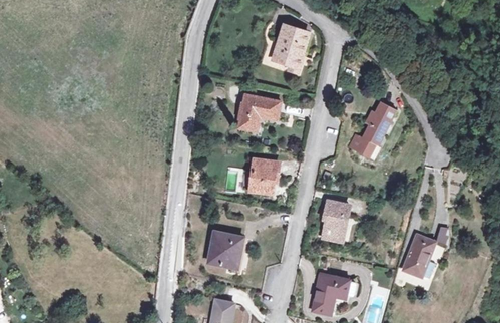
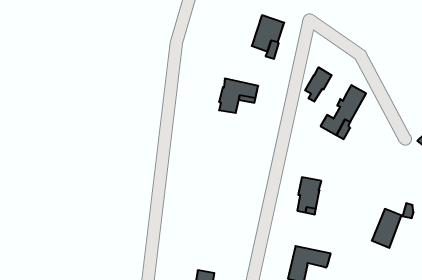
building: none -> [305,67,332,102]
building: [248,158,278,192] -> none
building: [207,232,242,268] -> none

